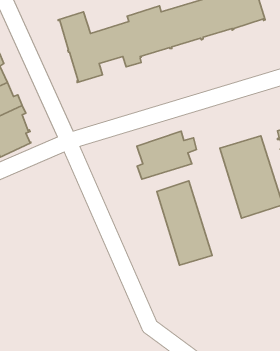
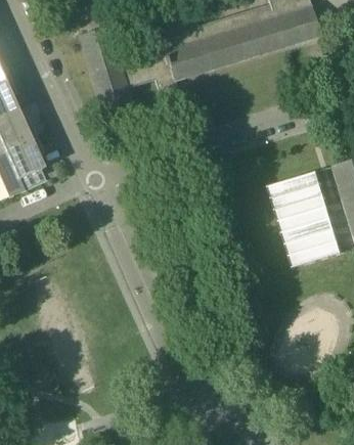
building: [137,131,197,179] -> none
building: [157,181,212,265] -> none

